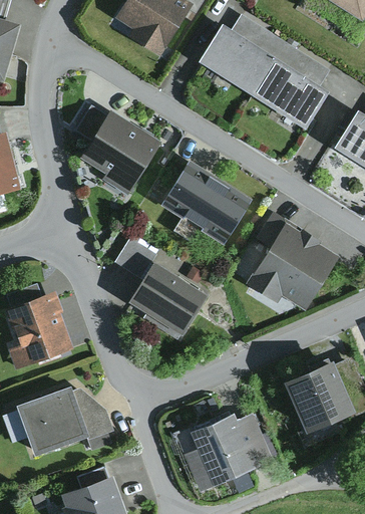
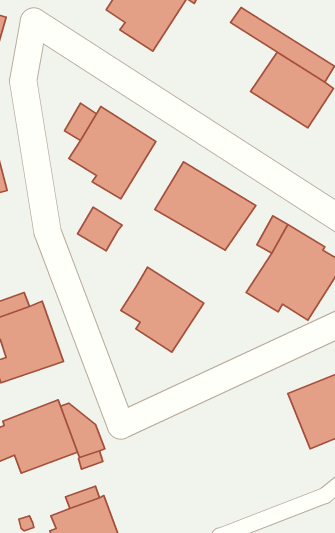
building: [198,23,276,94] -> none
building: [115,238,157,279] -> [77,207,122,251]
building: [185,412,272,492] -> none

